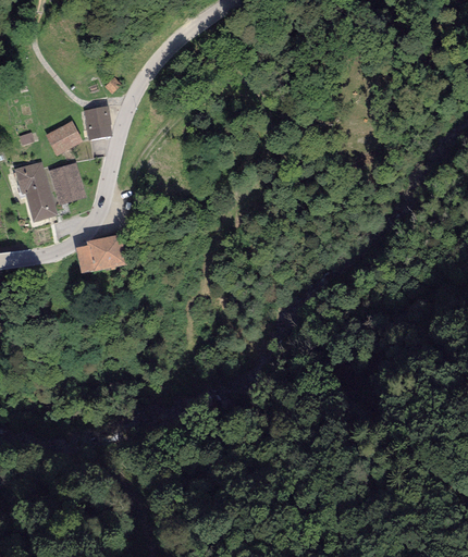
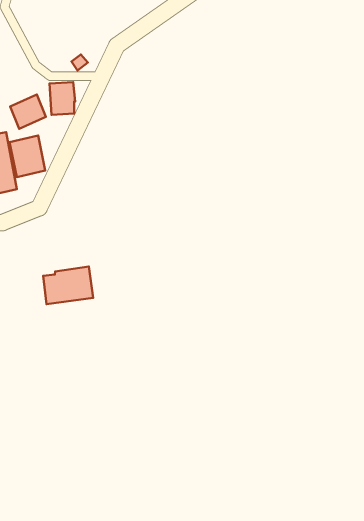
building: [75,234,127,275] -> [43,266,93,304]

